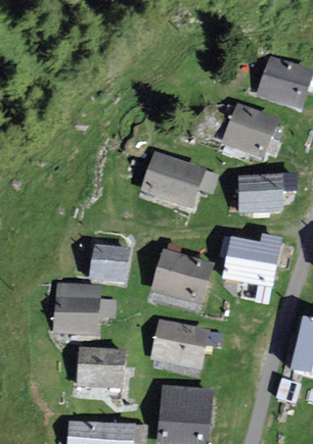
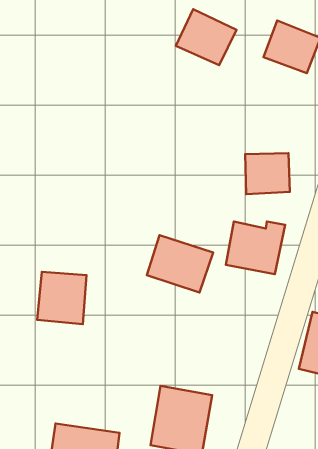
building: [221,106,275,156] -> [176,9,236,65]
building: [142,152,202,204] -> none
building: [93,245,130,281] -> none
building: [154,318,211,367] -> none
building: [78,346,125,386] -> none

